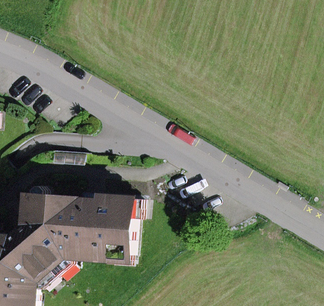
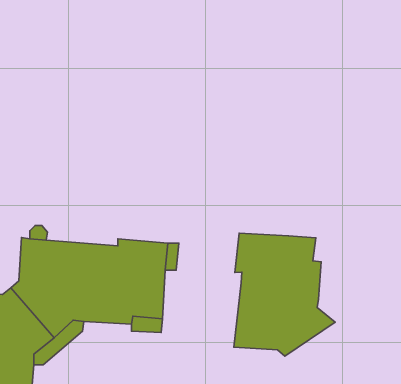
building: none -> [234,233,335,356]

